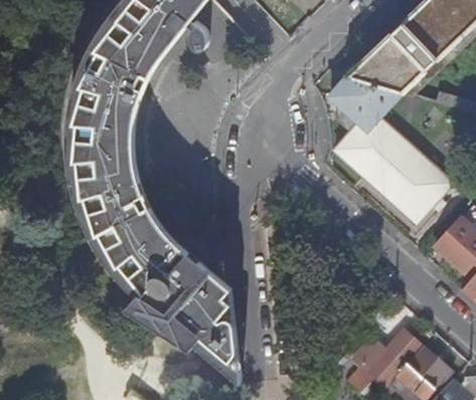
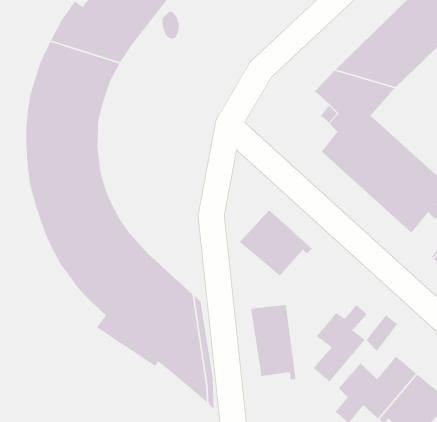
building: none -> [239,209,313,276]
building: none -> [250,304,297,380]
building: none -> [313,304,368,383]

